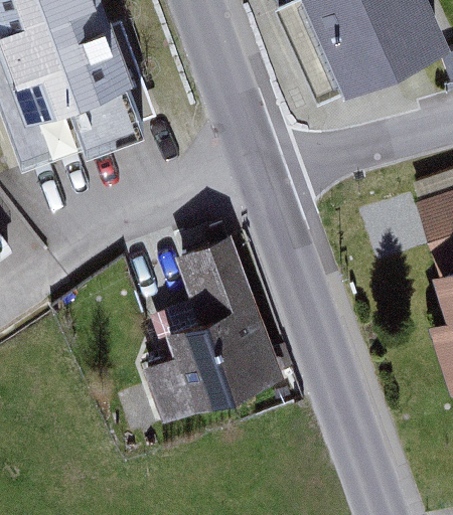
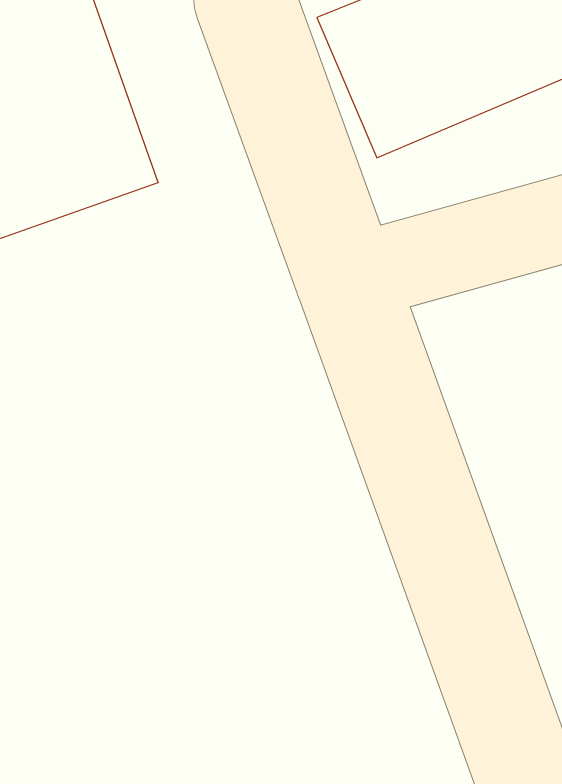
building: [147,239,284,422] -> none

